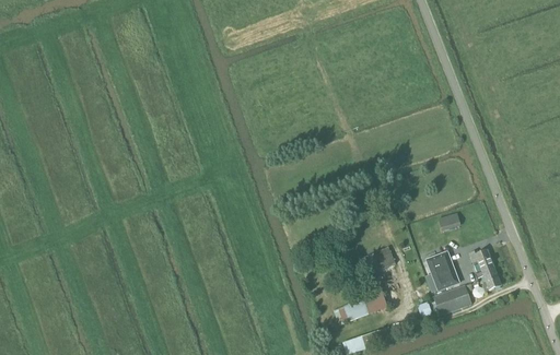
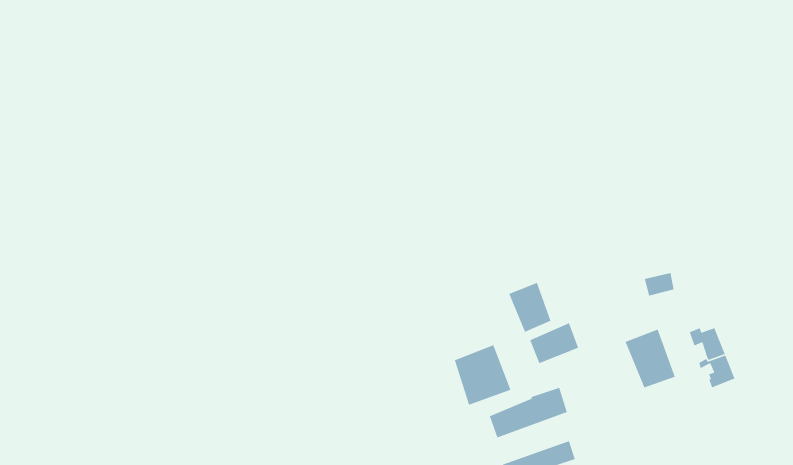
building: none -> [508,282,552,333]
building: none -> [454,344,511,406]
building: [417,285,471,317] -> none

